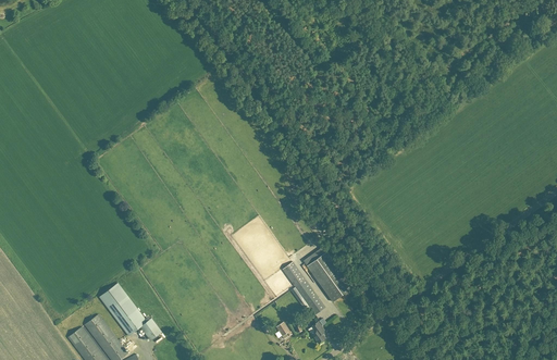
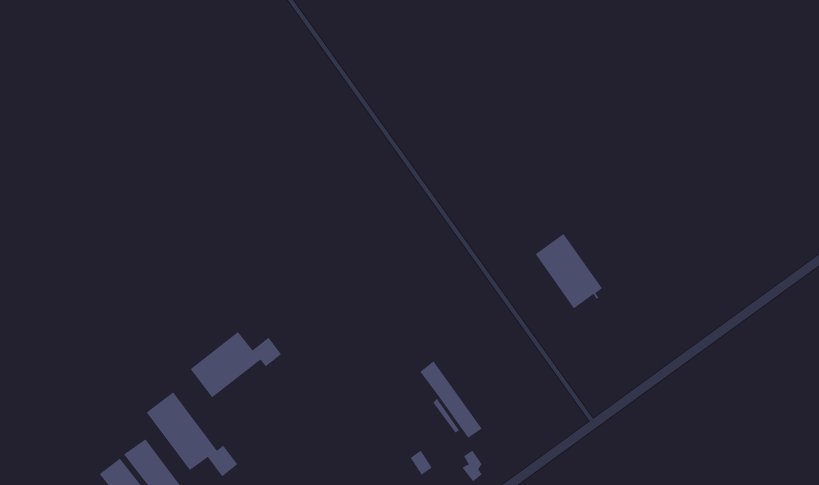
building: none -> [190,331,282,398]
building: [307,251,352,302] -> [535,233,603,309]

